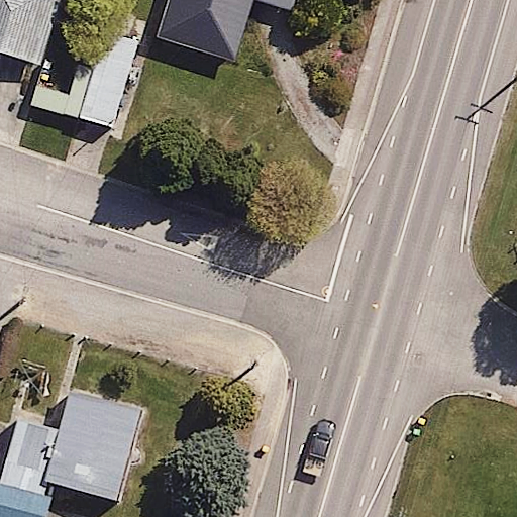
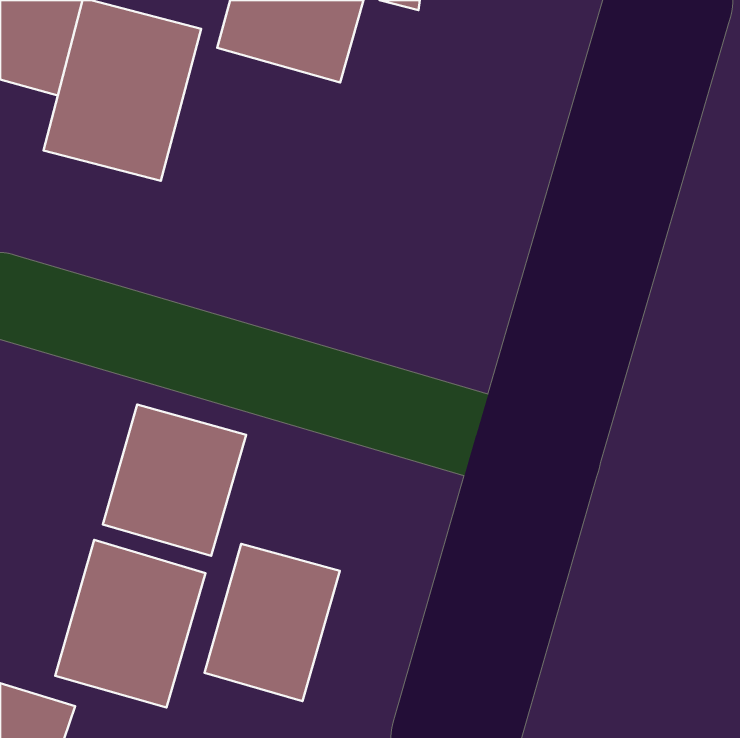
building: none -> [103,405,246,556]
building: none -> [205,544,340,701]

